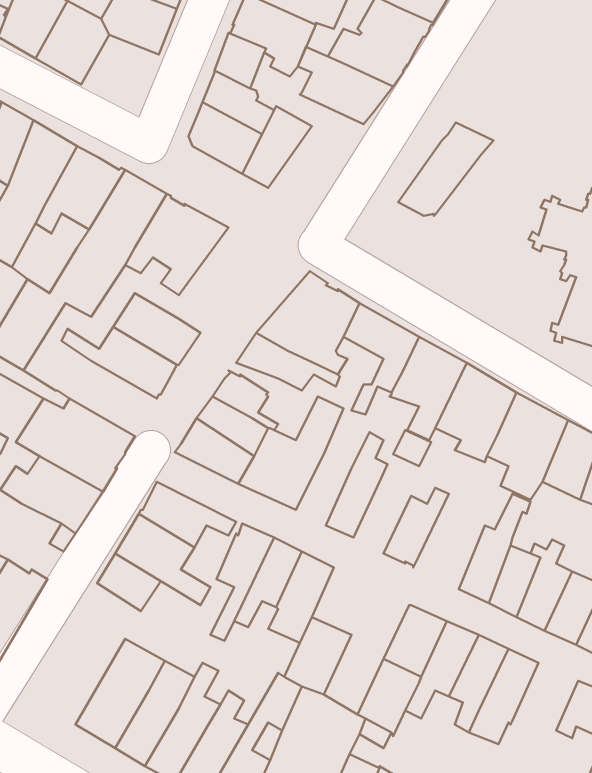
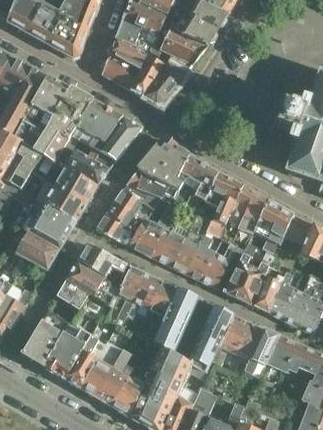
building: none -> [49,18,88,57]
building: [398,123,493,216] -> [143,55,191,102]
building: none -> [98,115,142,168]
building: none -> [37,178,87,220]
building: none -> [157,222,190,265]
building: none -> [186,234,215,279]
building: none -> [224,240,256,297]
building: none -> [165,286,196,320]
building: none -> [22,310,71,365]
building: none -> [266,334,299,372]

